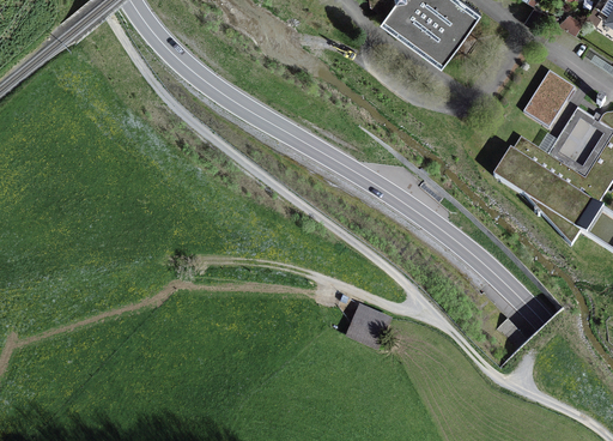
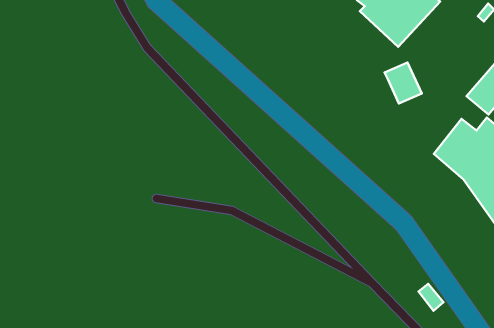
building: none -> [384,62,422,104]
building: [345,302,392,348] -> none

